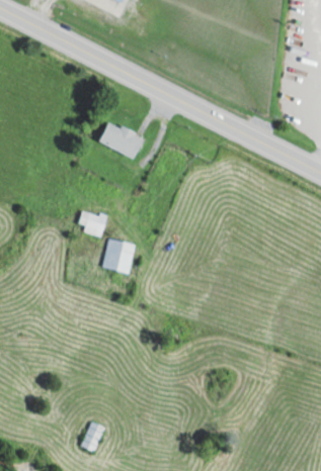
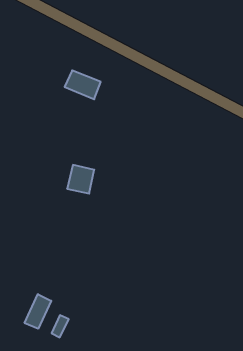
building: [76,208,106,237] -> none
building: none -> [25,294,51,329]

